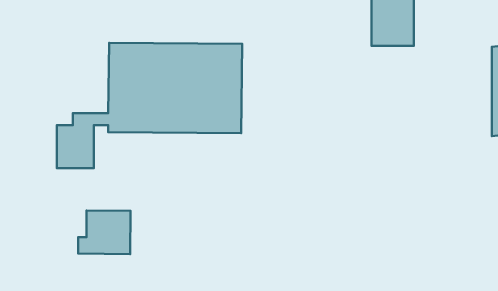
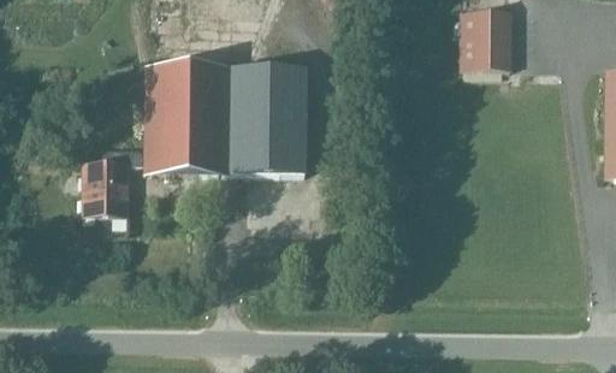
building: [78,210,131,254] -> none

